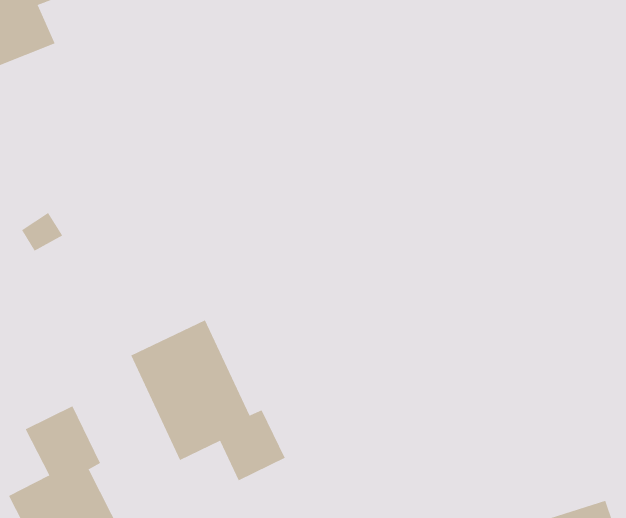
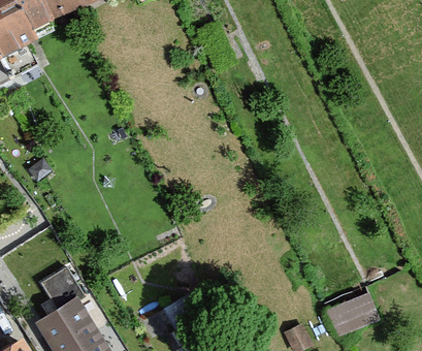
building: [131,319,286,481] -> none

